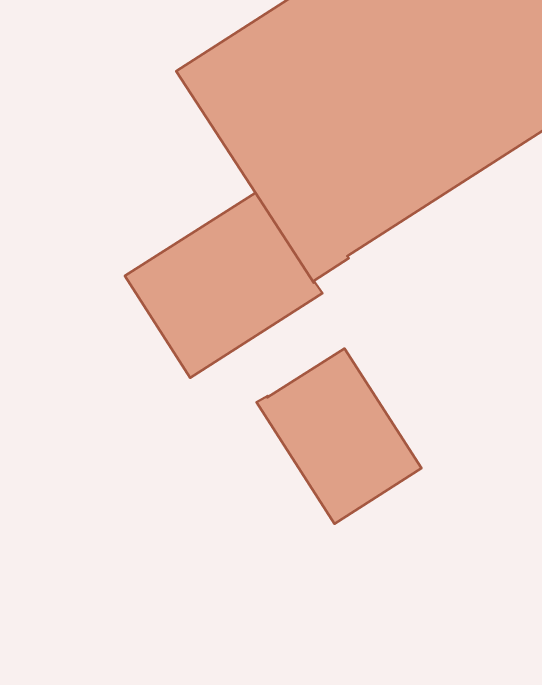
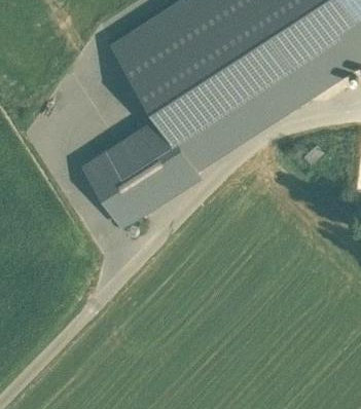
building: [257,349,421,524] -> none

